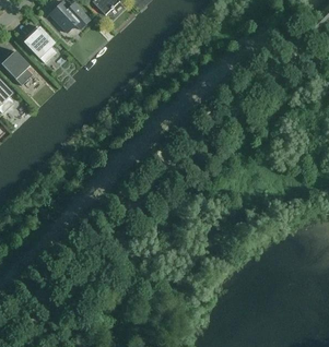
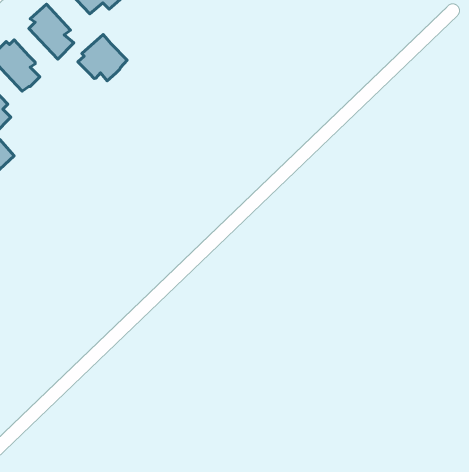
building: none -> [78,34,127,81]

